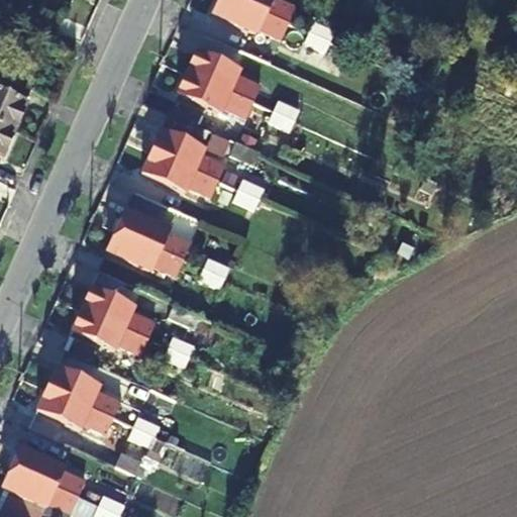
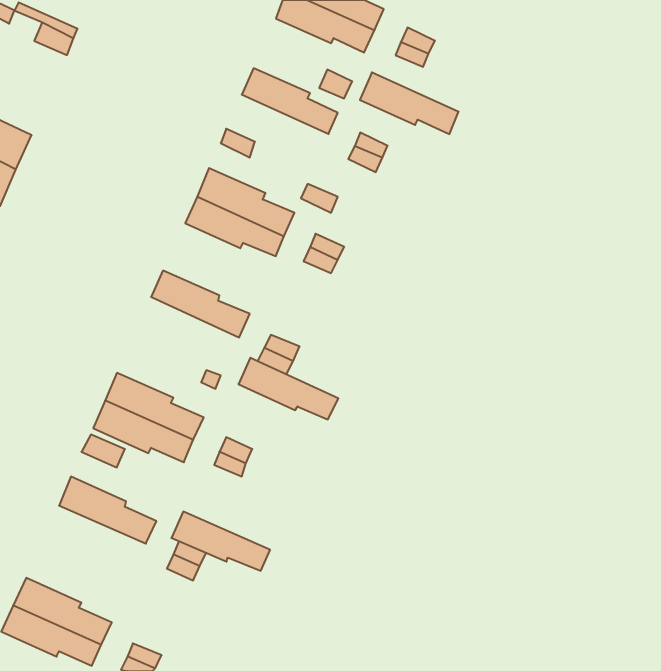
building: [177,73,252,120] -> [360,72,459,134]
building: [107,228,184,276] -> [238,358,338,419]
building: [36,389,112,434] -> [171,512,270,571]

